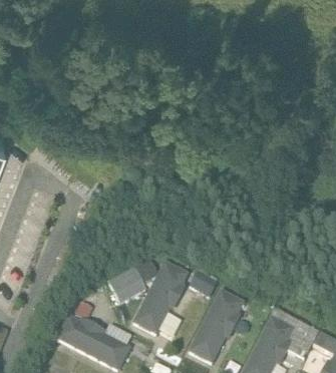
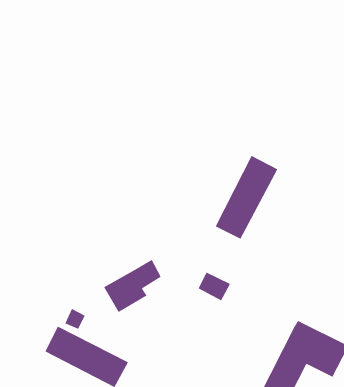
building: [135,262,190,334] -> [215,155,278,240]
building: [191,291,245,363] -> none

